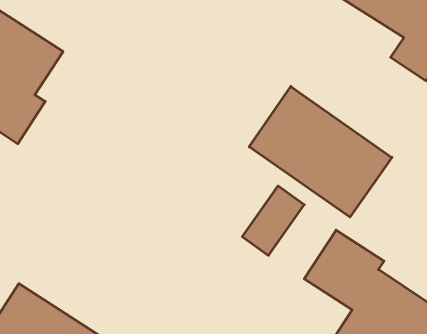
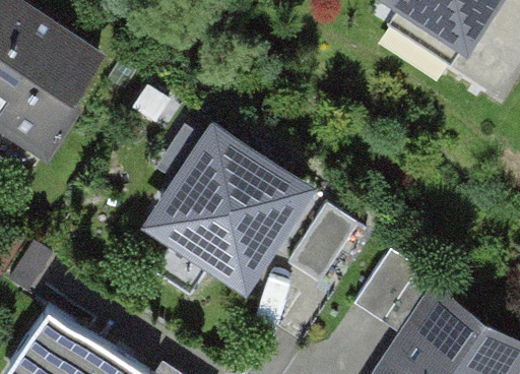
building: [249,86,392,217] -> none
building: none -> [153,134,301,293]

